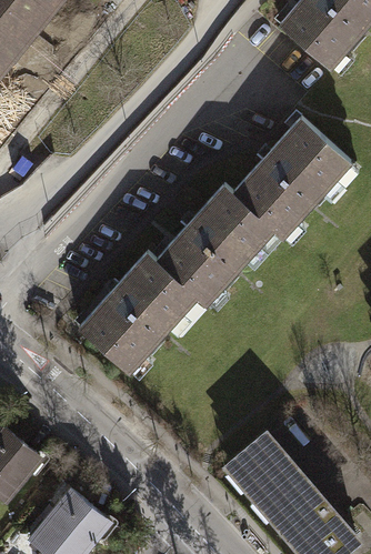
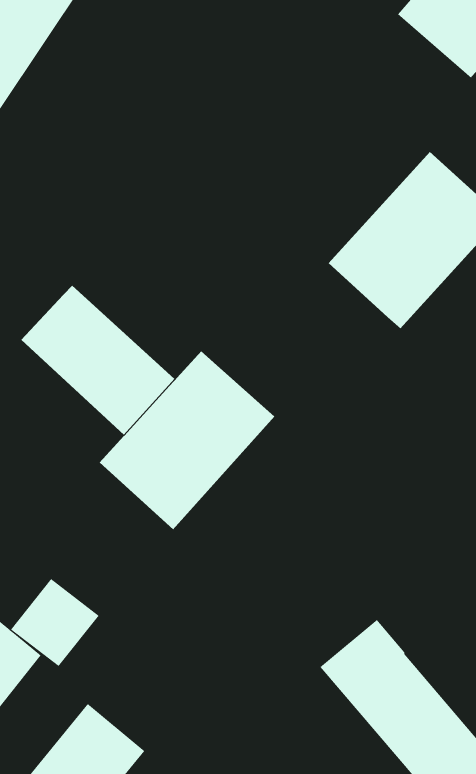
building: [156,187,272,305] -> none
building: none -> [20,285,175,435]
building: none -> [10,578,99,667]

